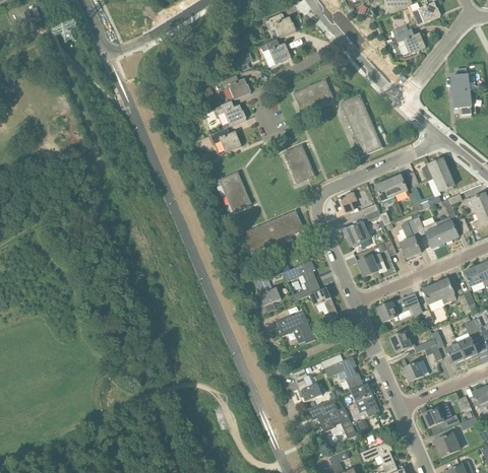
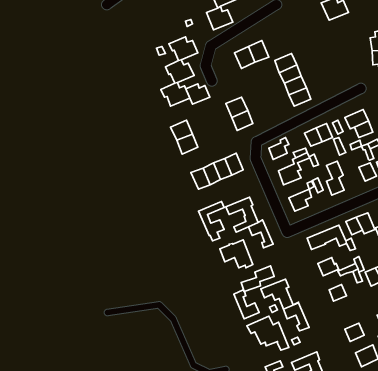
building: none -> [186,84,210,104]
building: [413,216,445,247] -> none
building: none -> [241,266,274,292]

